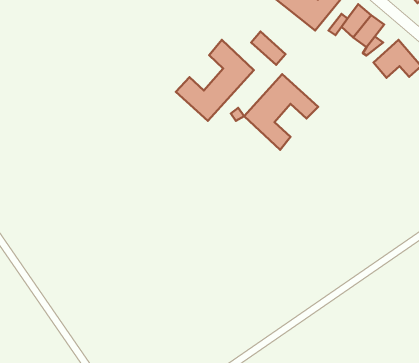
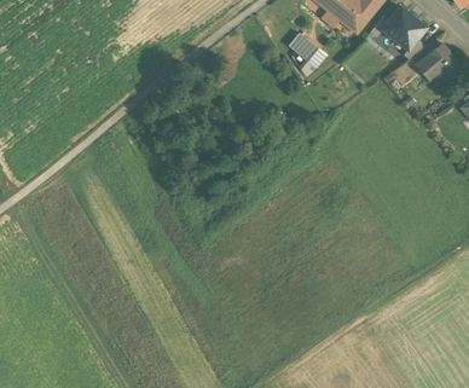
building: [176,40,254,121] -> none
building: [244,74,318,150] -> none

